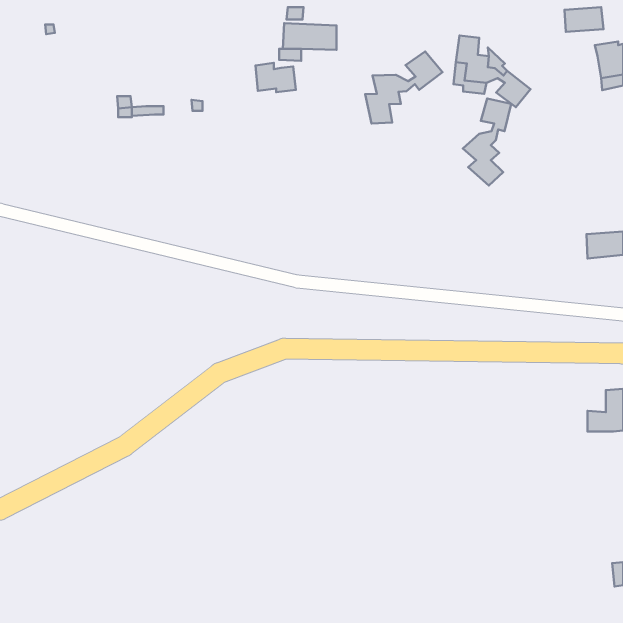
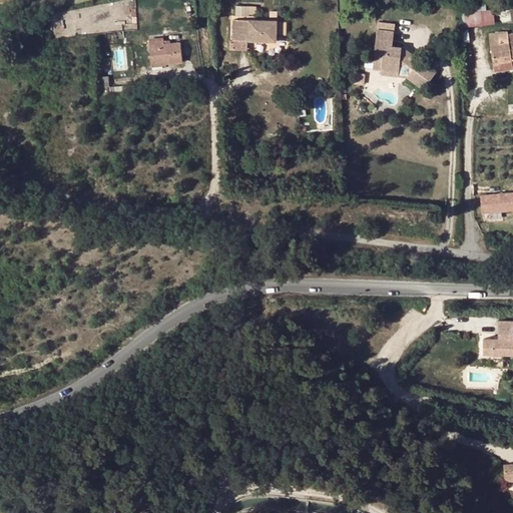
building: [365,51,442,123] -> none
building: [256,63,296,92] -> [149,41,182,65]
building: [463,99,511,185] -> none

